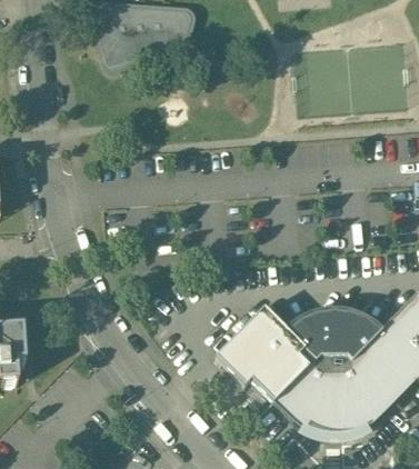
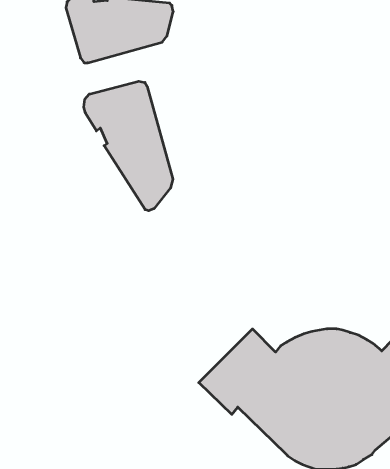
building: none -> [84,81,173,211]

